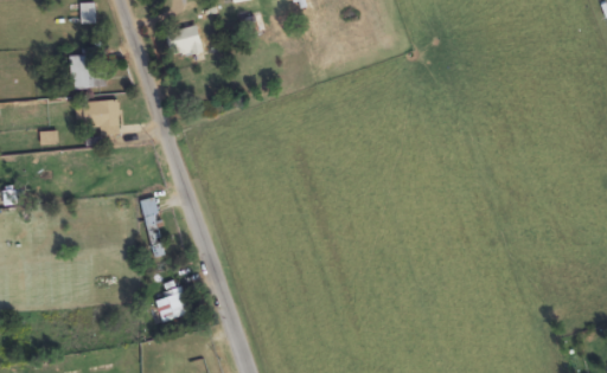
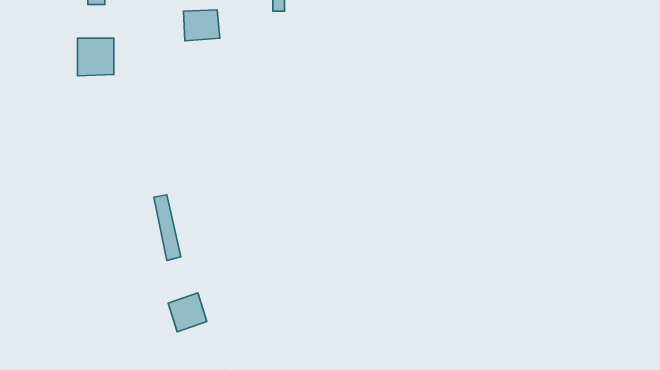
building: [83,99,120,134] -> none

